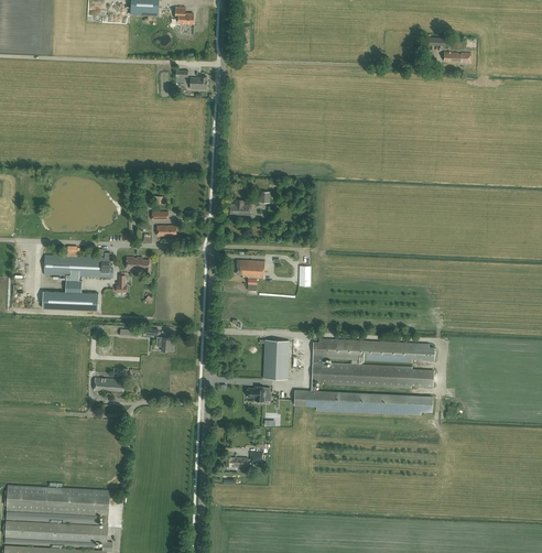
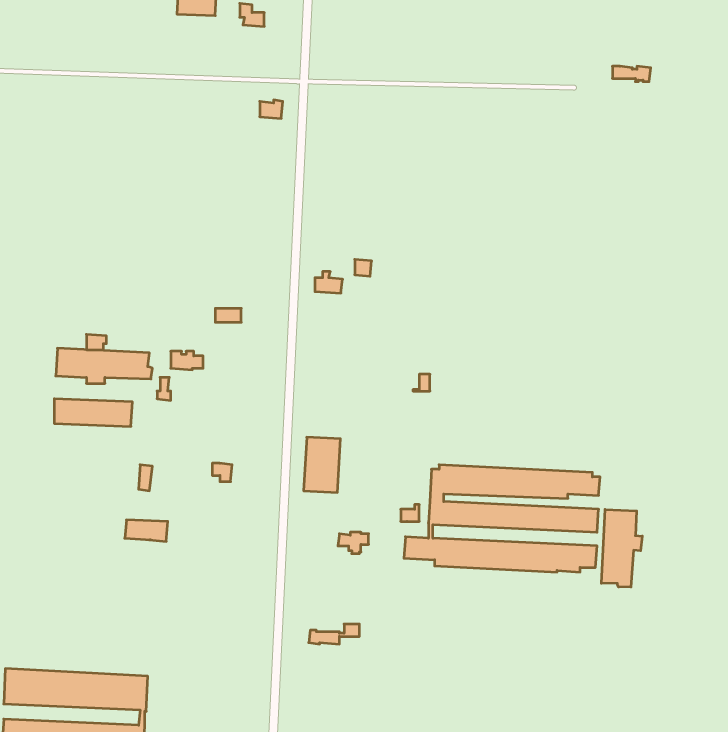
building: [236,260,264,278] -> none
building: [262,339,289,379] -> [304,437,340,492]
building: none -> [601,509,642,587]

